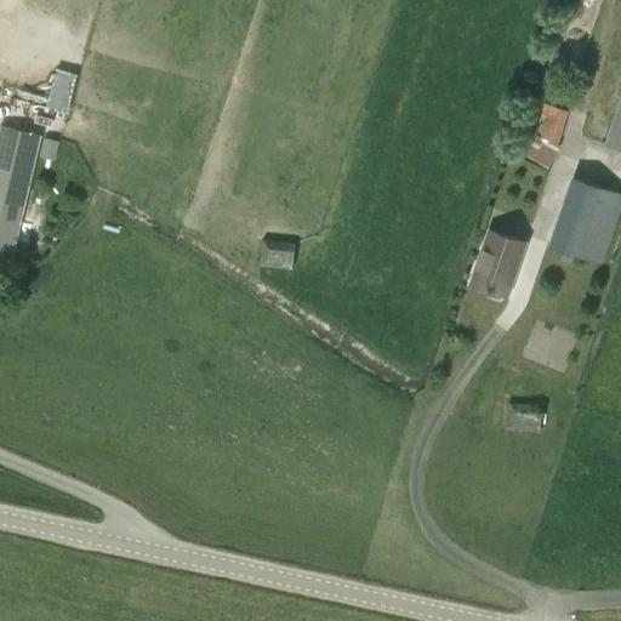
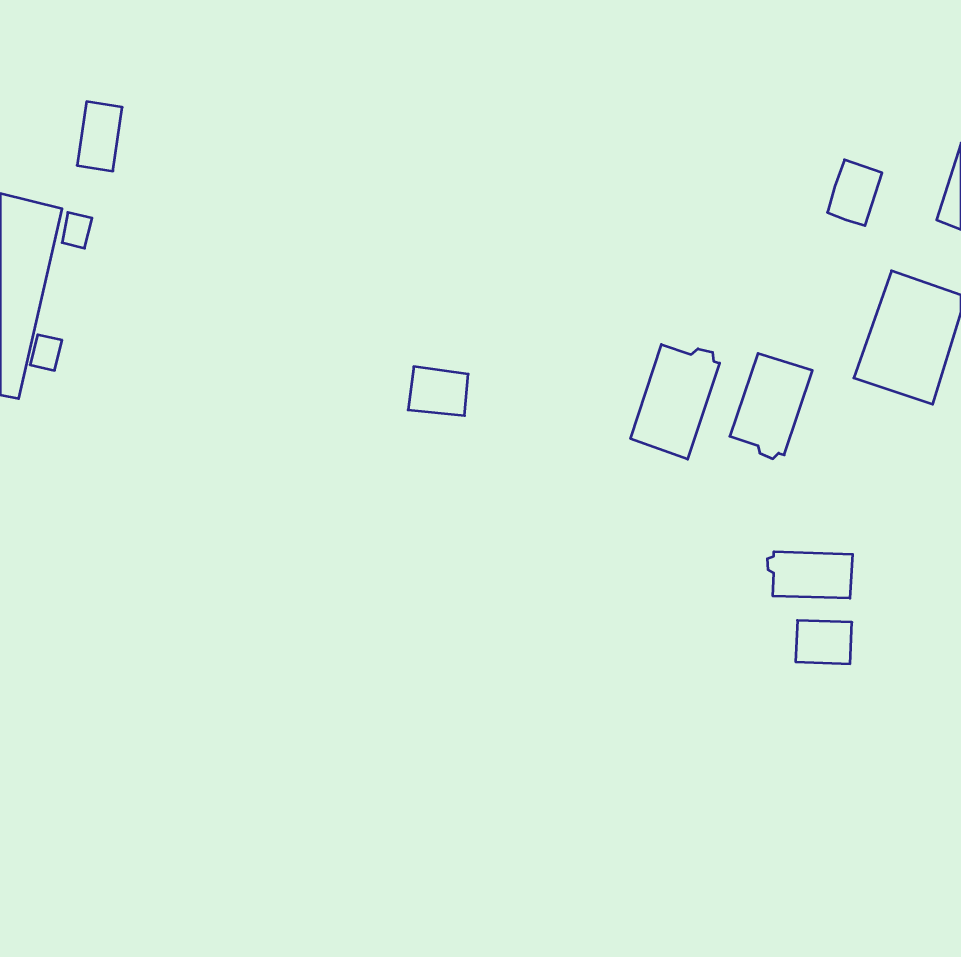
building: none -> [631,344,720,459]
building: none -> [767,552,853,598]

